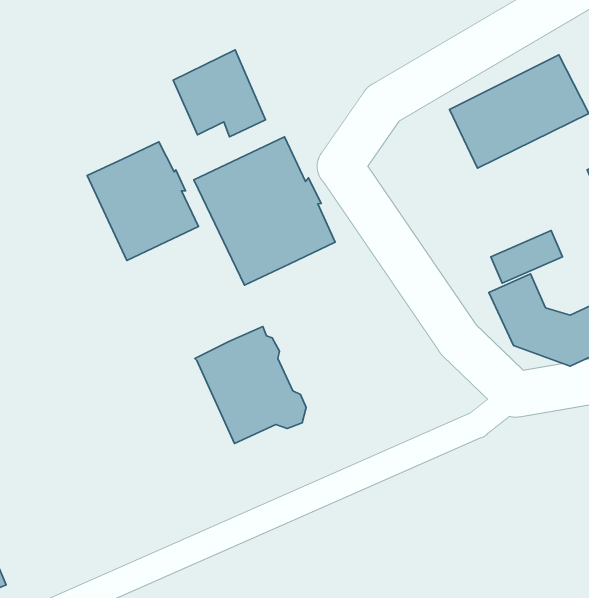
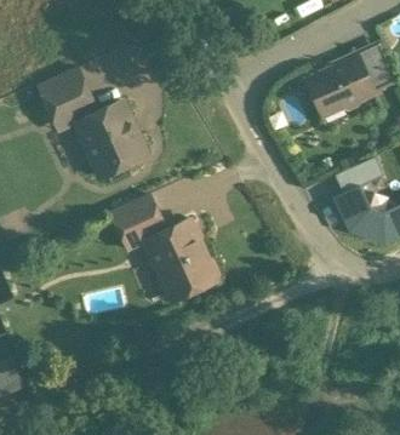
building: [173,50,265,137] -> [39,67,98,122]
building: [194,137,335,285] -> none
building: none -> [110,194,166,250]

